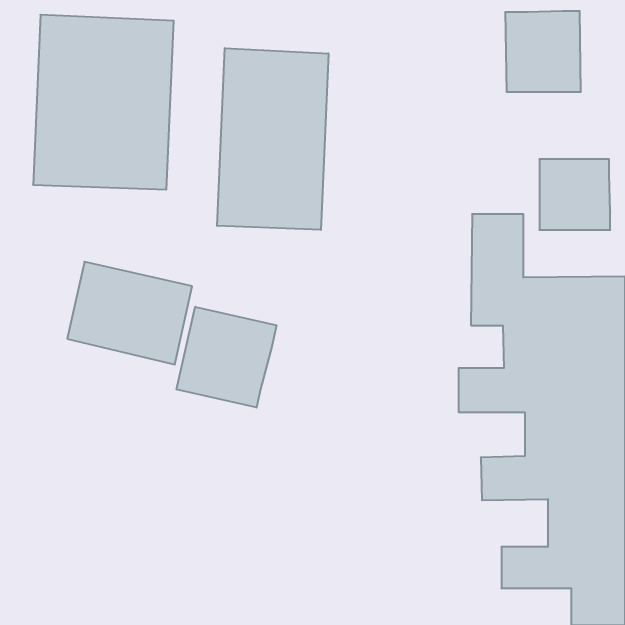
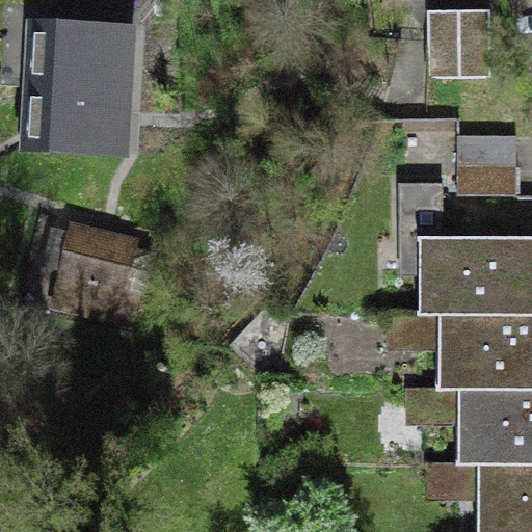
building: [217,48,328,230] -> none
building: [176,307,277,408] -> none

